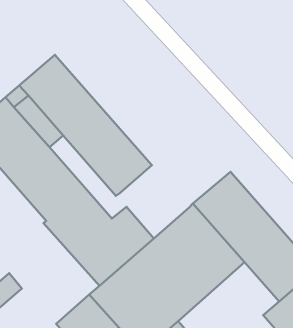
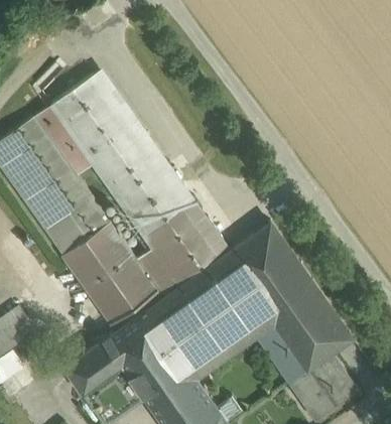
building: none -> [144,205,222,285]
building: none -> [258,321,309,381]

